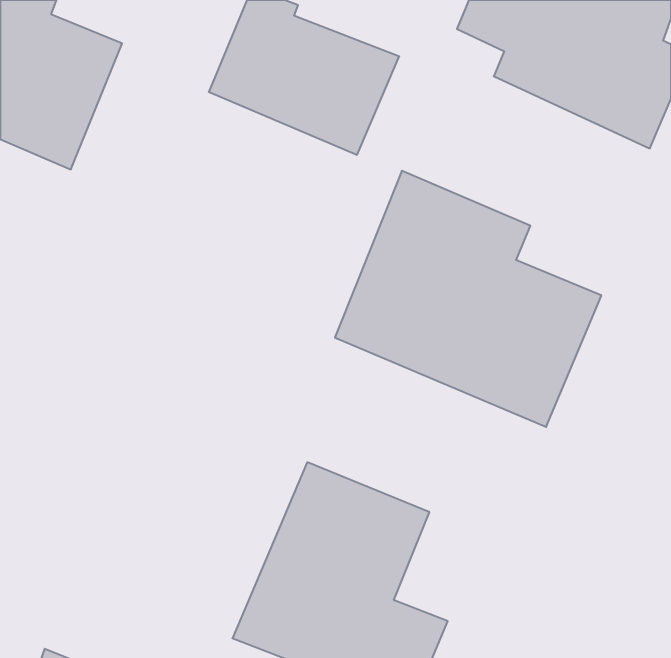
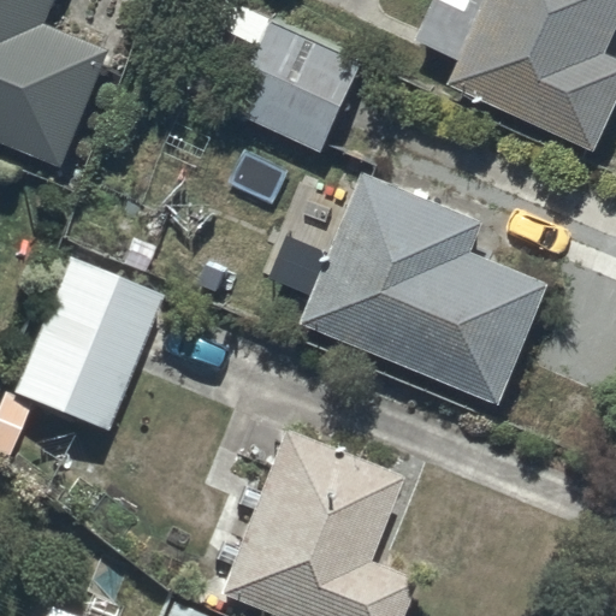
building: none -> [7,256,155,432]

